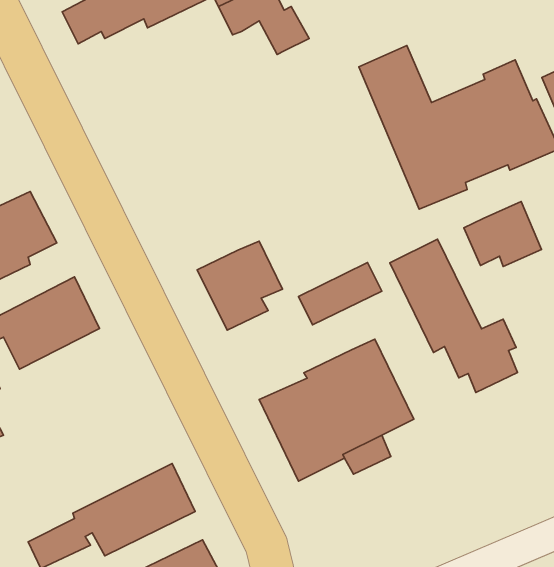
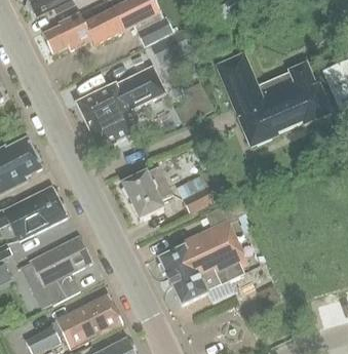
building: none -> [76,64,166,149]
building: [464,201,542,267] -> none
building: [390,239,518,393] -> none
building: none -> [18,235,91,307]

